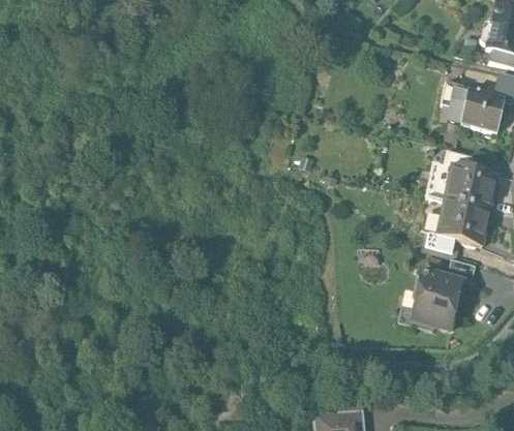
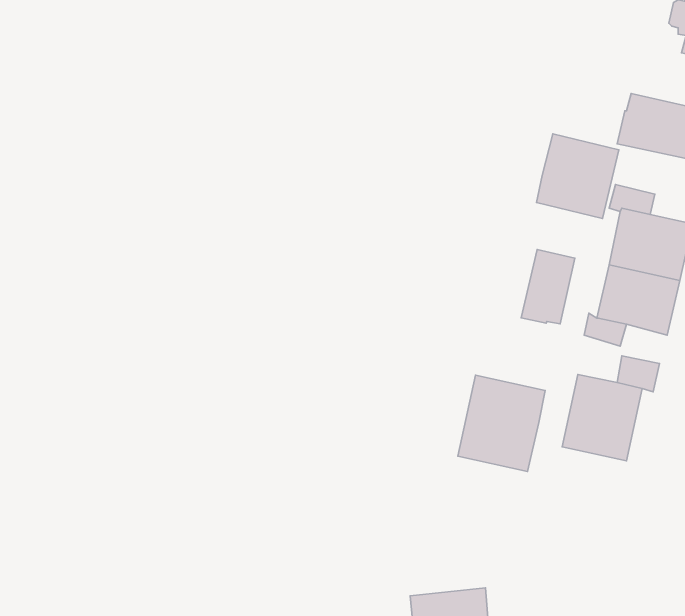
building: none -> [537,134,619,218]
building: none -> [521,249,575,324]
building: none -> [458,375,545,471]

